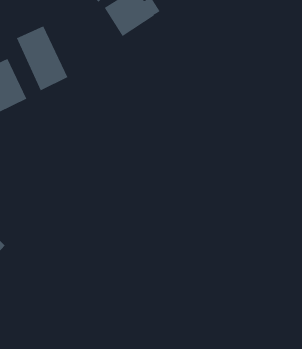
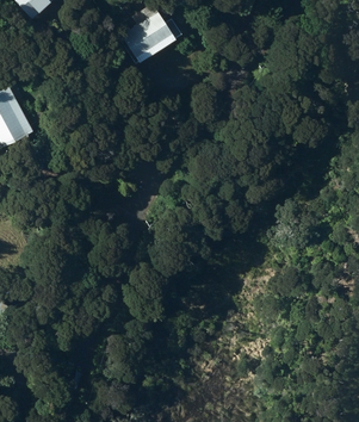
building: [16,25,68,91] -> none

